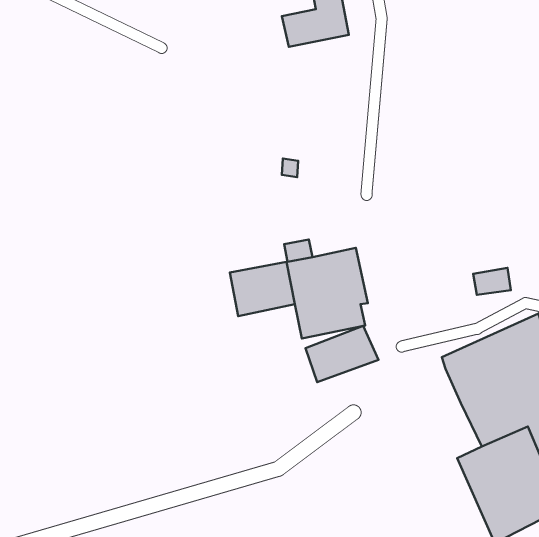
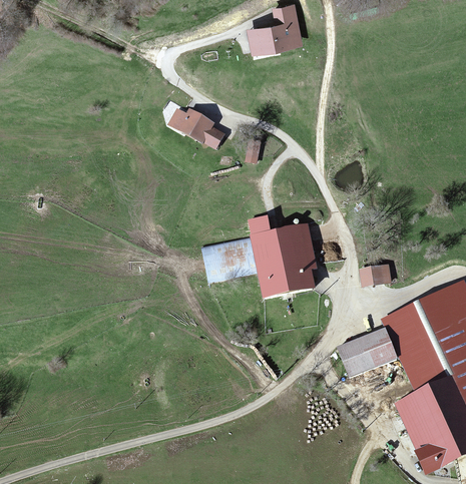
building: none -> [172,108,225,149]
building: [473,268,511,295] -> [360,264,392,287]
building: [305,326,378,382] -> [336,327,398,375]

